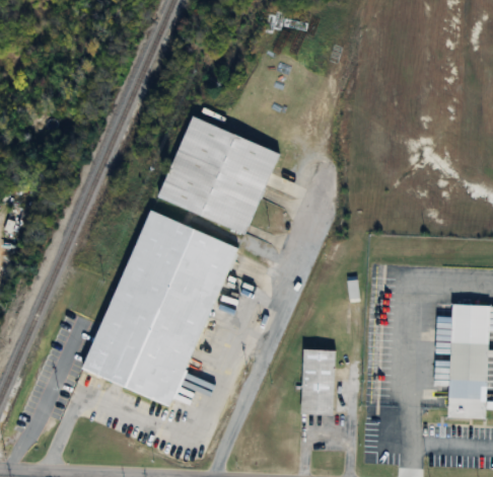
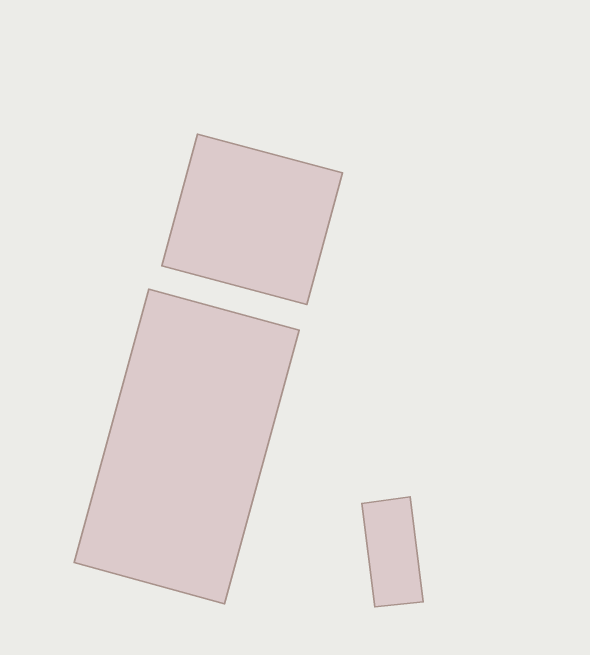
building: [302,350,334,416] -> [362,497,423,607]

